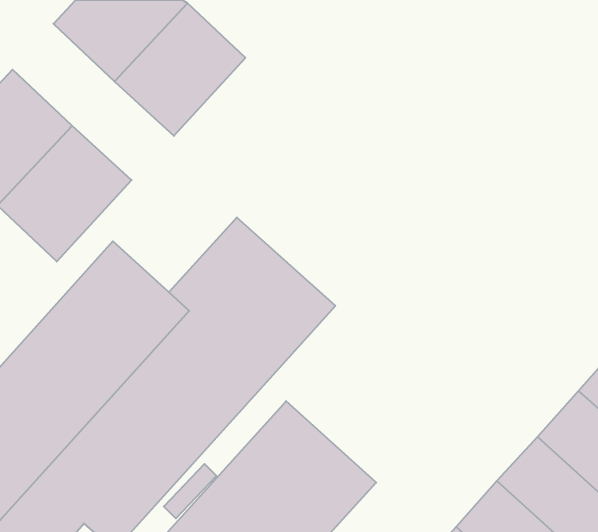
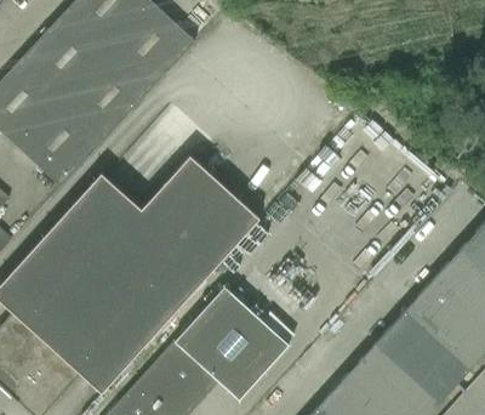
building: none -> [30,17,146,129]

